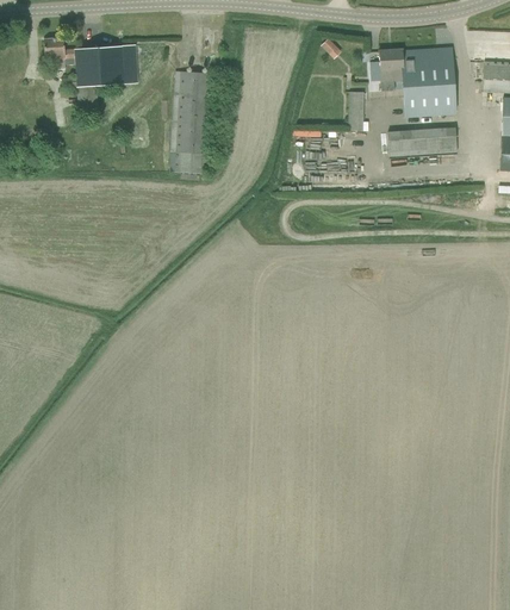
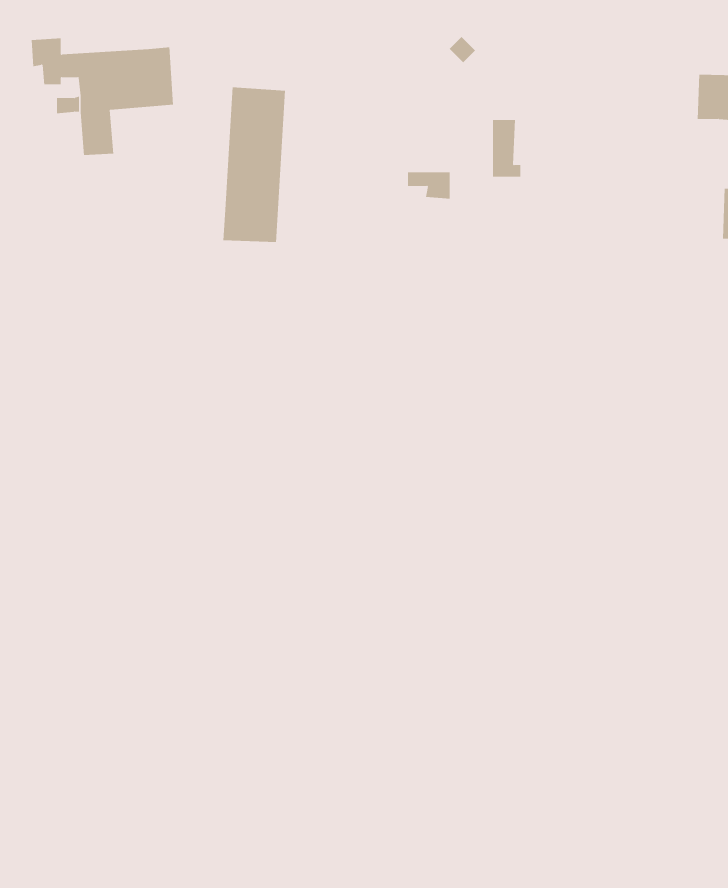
building: [379,46,455,117] -> none
building: [387,125,456,155] -> none

